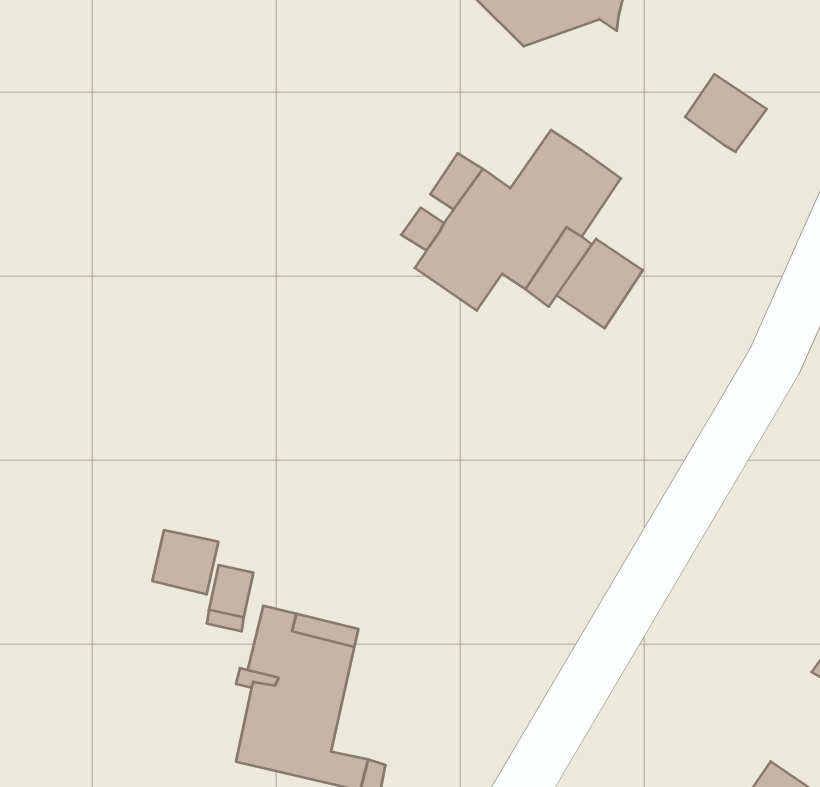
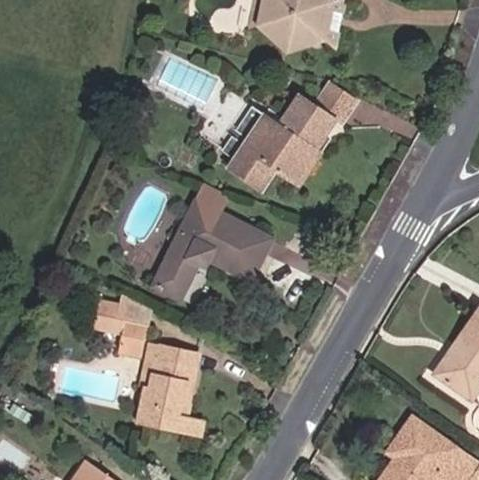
building: [685,74,767,152] -> [314,83,356,123]
building: [557,239,643,328] -> none
building: none -> [153,185,268,298]

